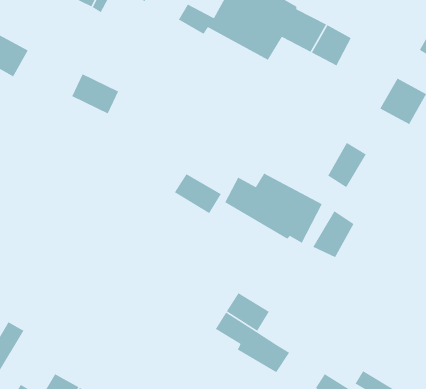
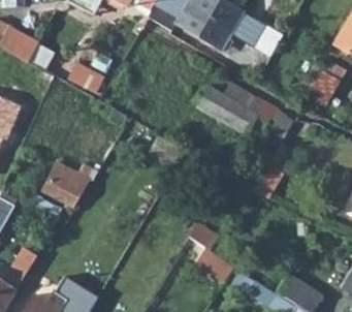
building: [224,173,323,244] -> [198,84,273,137]
building: none -> [41,161,97,207]

